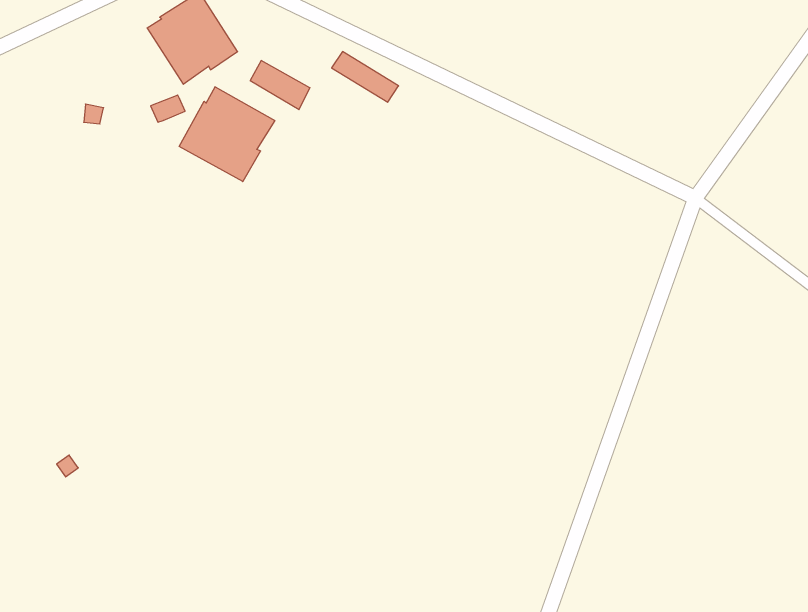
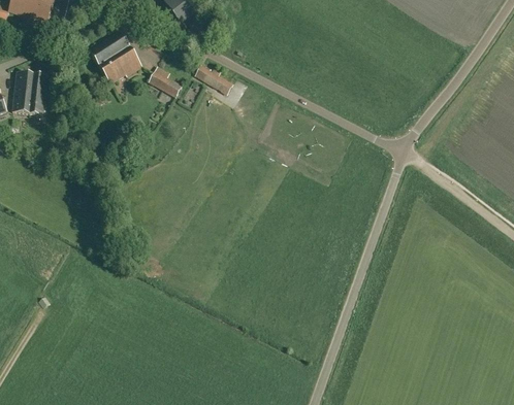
building: none -> [11,69,47,113]
building: [179,87,275,182] -> none

